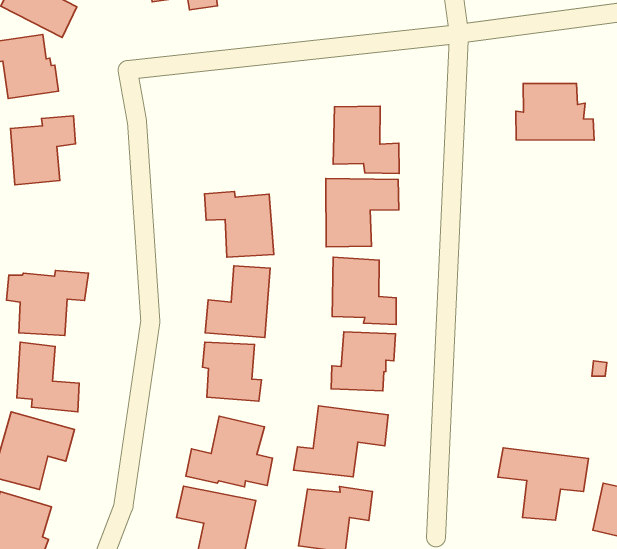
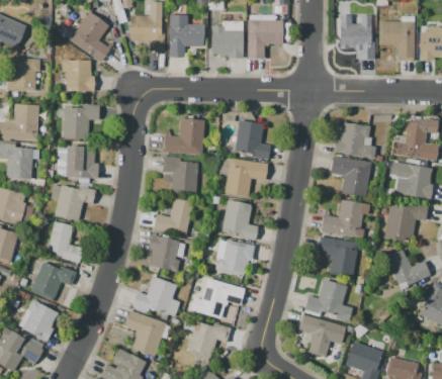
building: none -> [163,118,203,156]
building: none -> [331,157,371,197]
building: none -> [65,146,98,178]
building: none -> [321,200,362,236]
building: none -> [319,236,357,278]
building: none -> [303,279,352,321]

